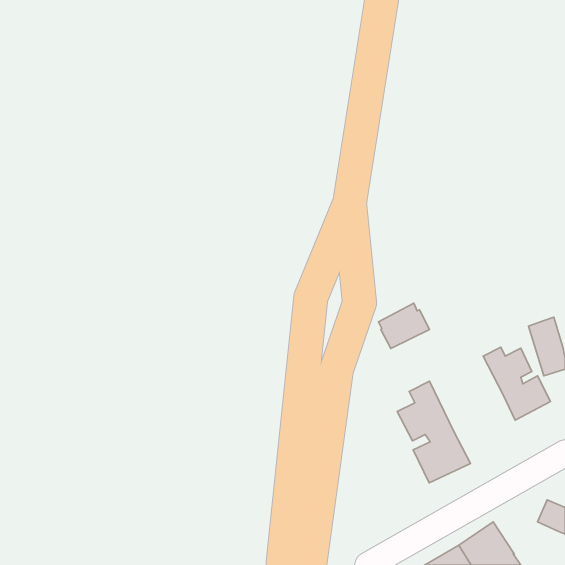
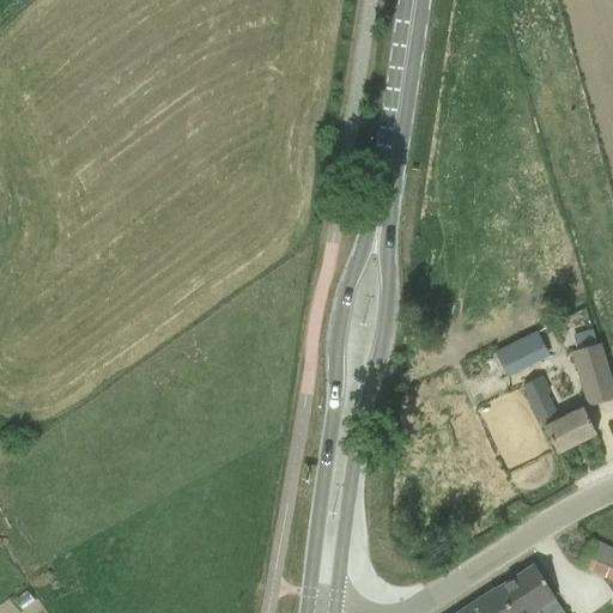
building: [379,303,429,348] -> [493,324,548,374]
building: [397,381,470,483] -> none

